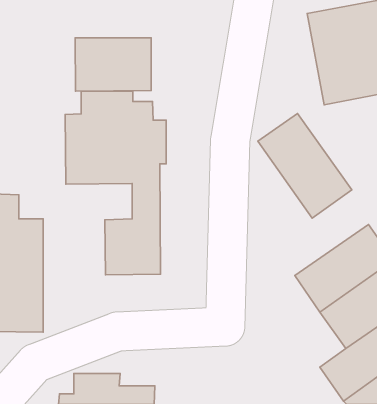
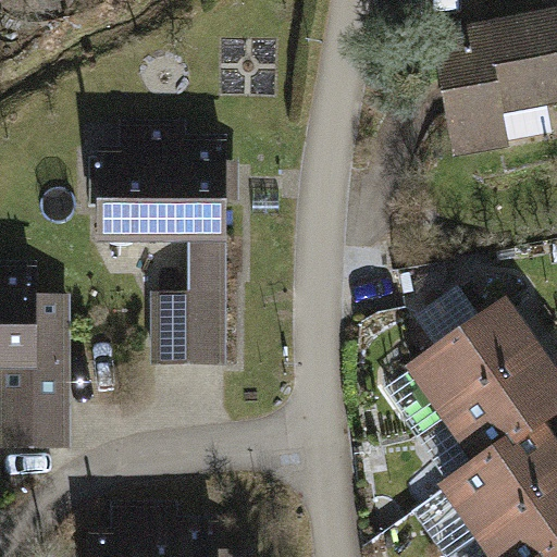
building: [75,38,151,91] -> none
building: [258,113,352,218] -> none

